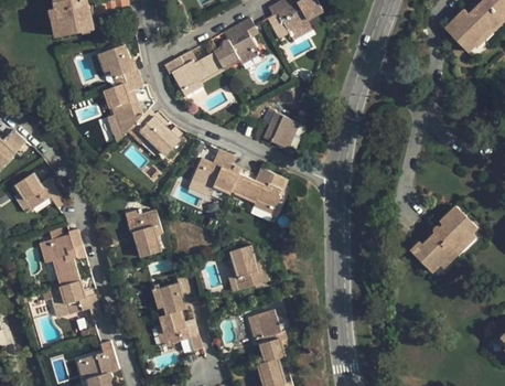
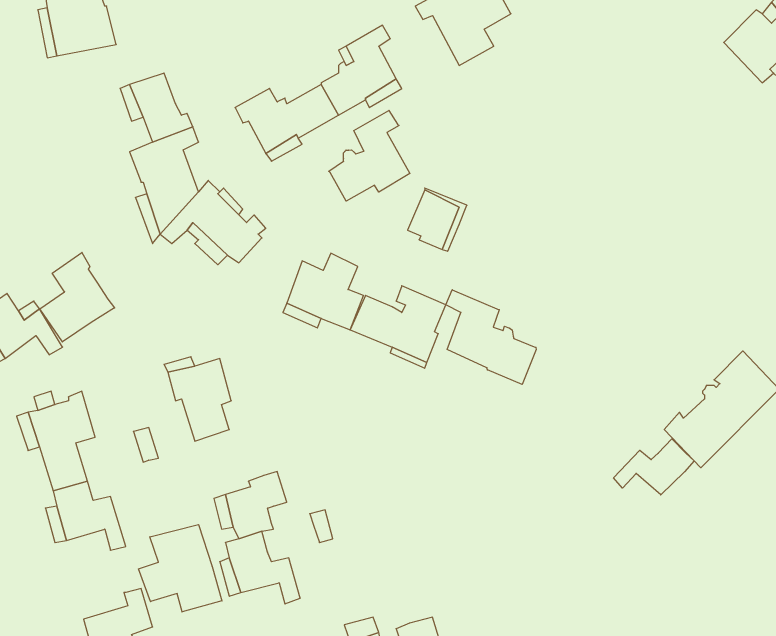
building: none -> [329,110,410,201]
building: none -> [40,252,115,342]
building: none -> [446,290,536,384]
building: [225,245,268,291] -> none
building: none -> [614,439,694,495]
building: none -> [138,525,222,612]
building: [247,309,287,362] -> none

